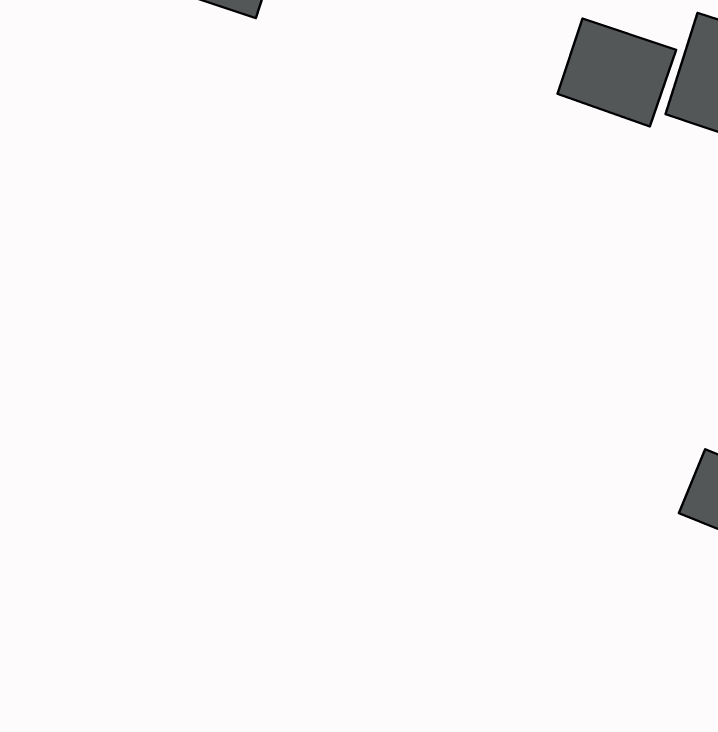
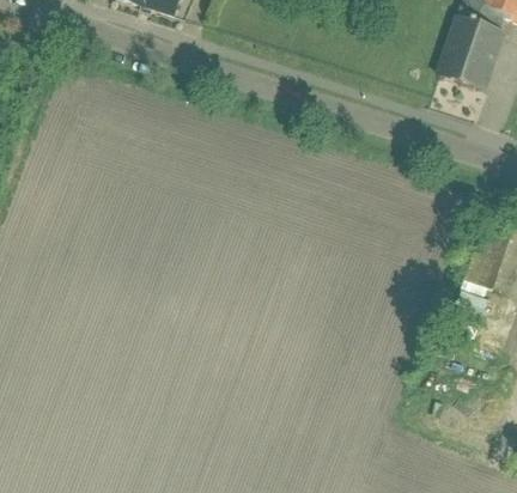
building: [558,19,676,127] -> none

